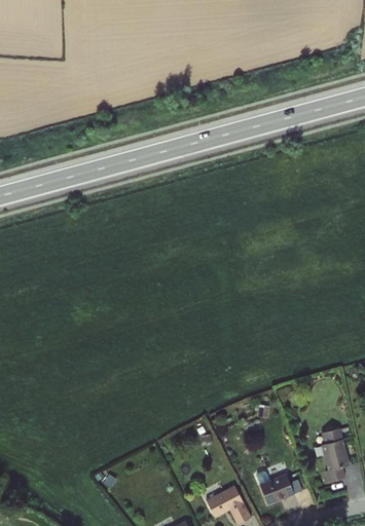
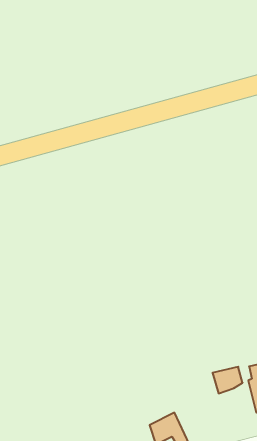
building: [259,474,294,504] -> [212,367,243,393]

